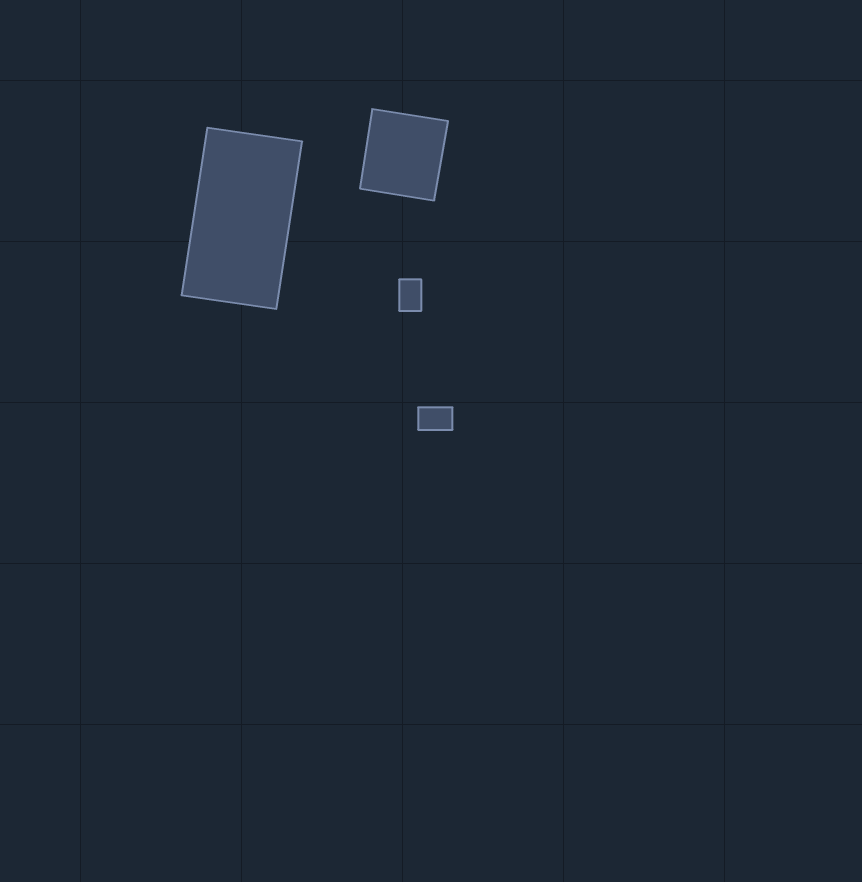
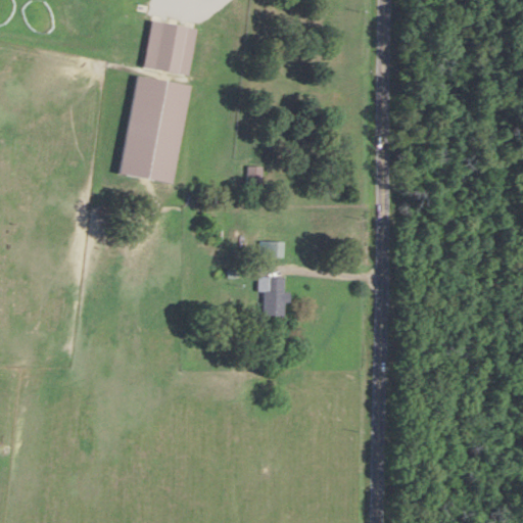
building: [360,109,448,200] -> [144,20,196,75]
building: none -> [257,276,285,315]

